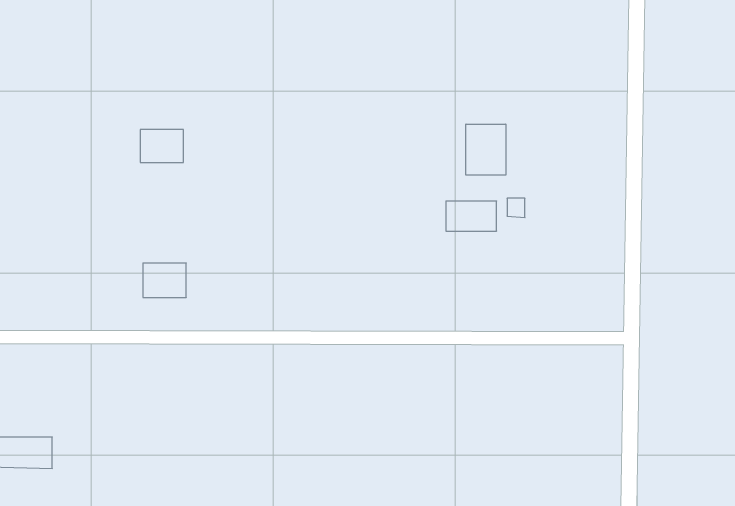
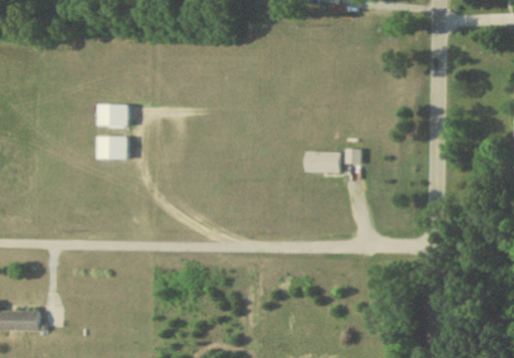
building: [466,124,506,175] -> none
building: [143,263,186,297] -> [97,136,126,159]

